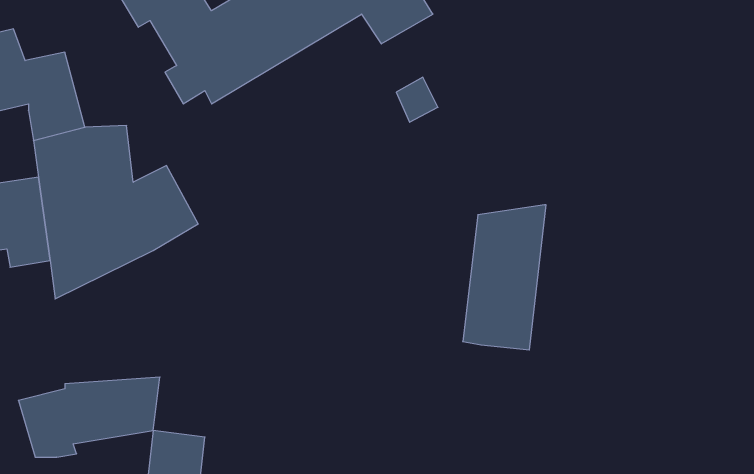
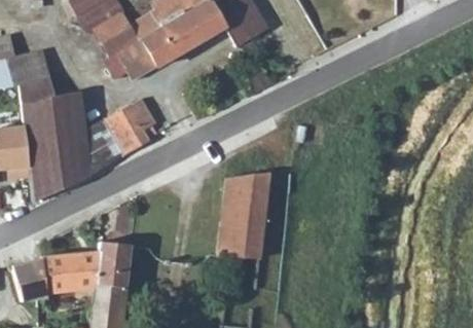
building: none -> [104,99,159,156]
building: [463,205,546,350] -> [219,172,270,261]
building: none -> [96,243,132,288]

